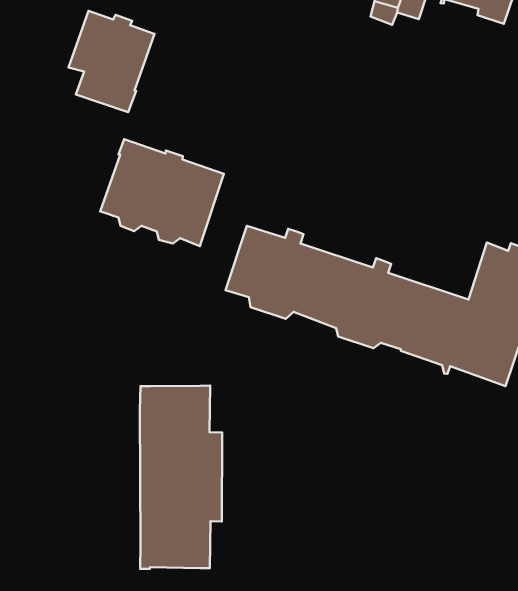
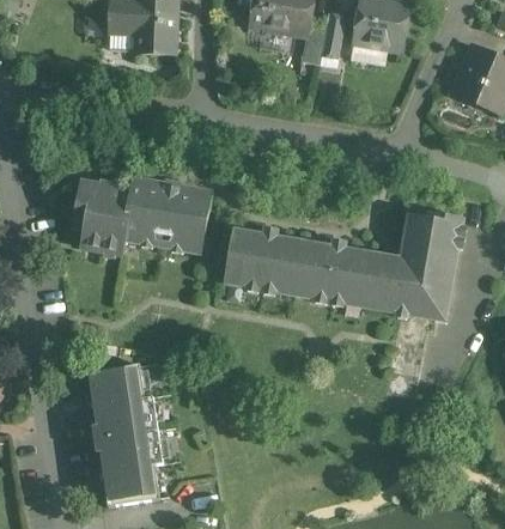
building: [69,11,155,112] -> [72,182,132,253]
building: [140,386,222,569] -> [87,363,163,506]

